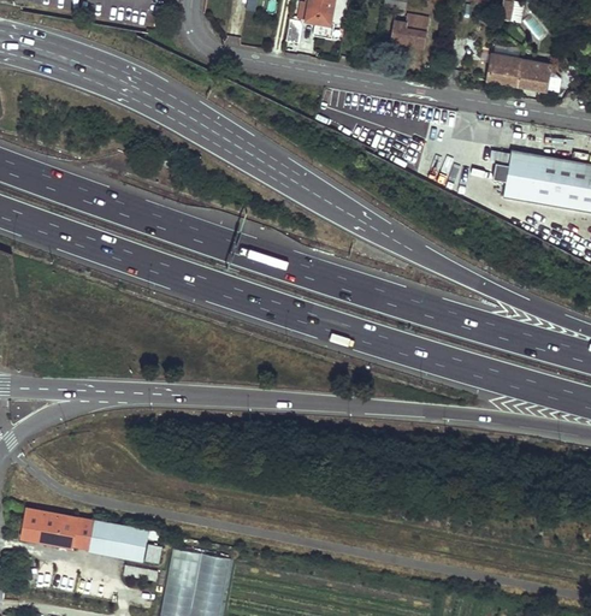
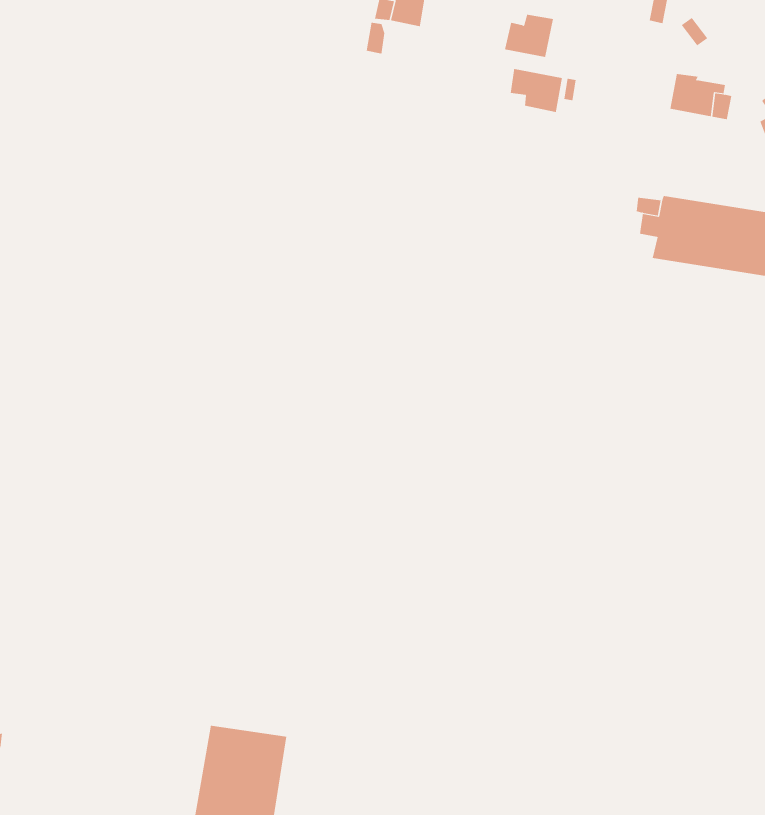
building: [486,53,521,85] -> none
building: none -> [510,68,562,113]
building: [23,508,147,558] -> none

